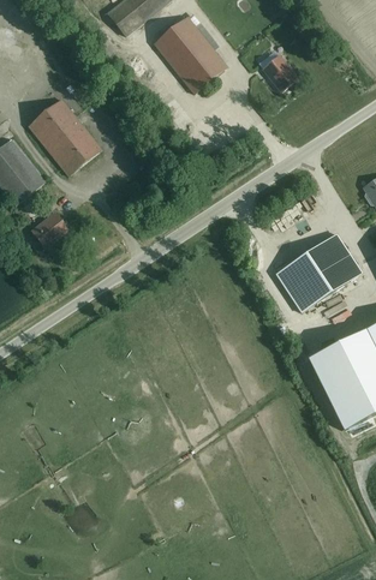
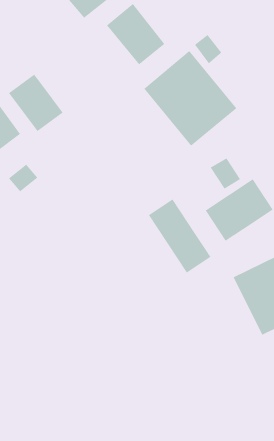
building: none -> [144,50,237,147]
building: none -> [210,157,241,189]
building: none -> [148,199,211,273]

